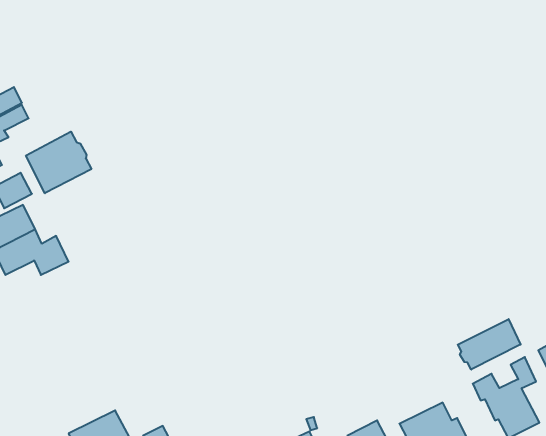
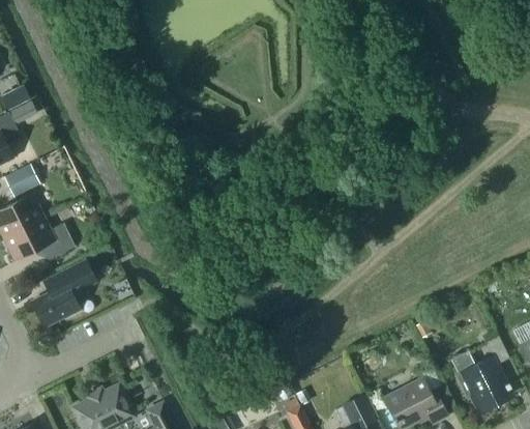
building: [26,132,91,193] -> none
building: none -> [31,260,95,325]
building: [458,319,521,370] -> none

